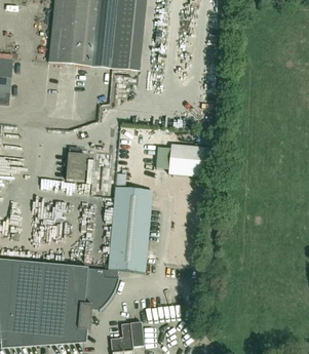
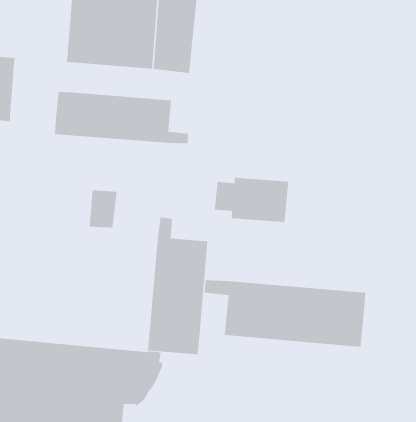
building: none -> [54,91,189,144]
building: none -> [204,279,366,348]

